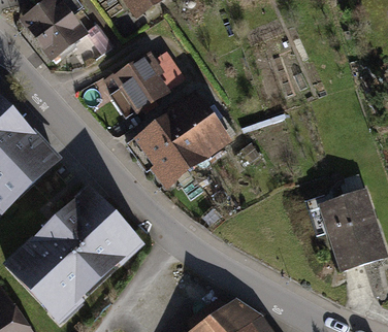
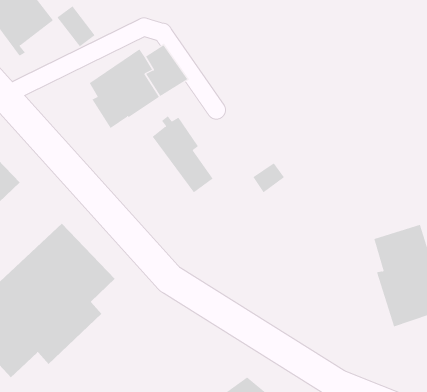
building: [177,97,234,156] -> none
building: [128,124,189,182] -> none

